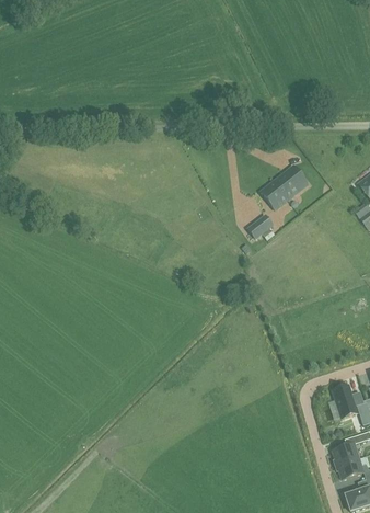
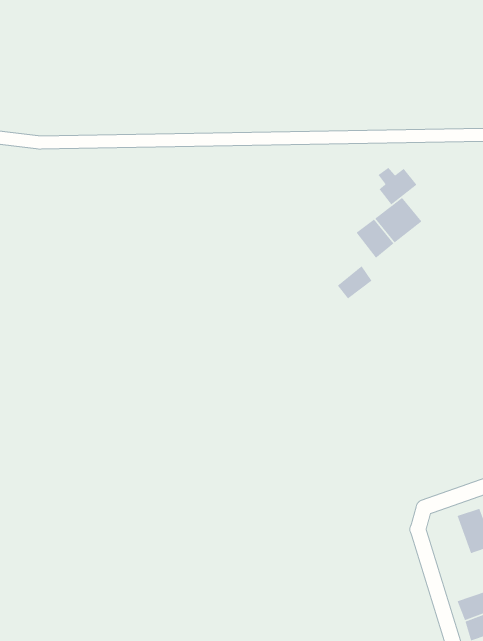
building: none -> [378,167,418,205]

